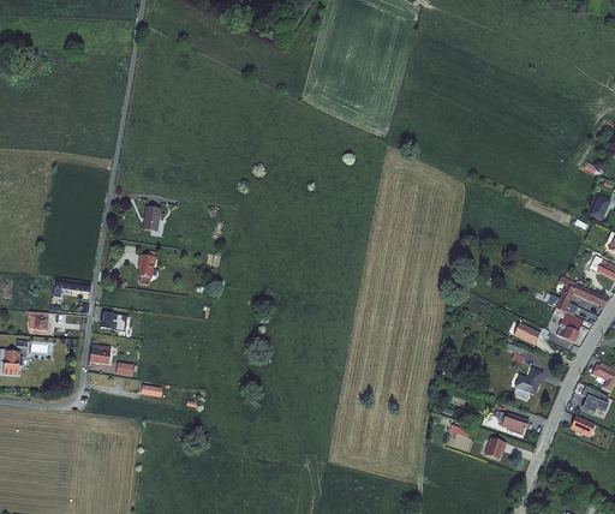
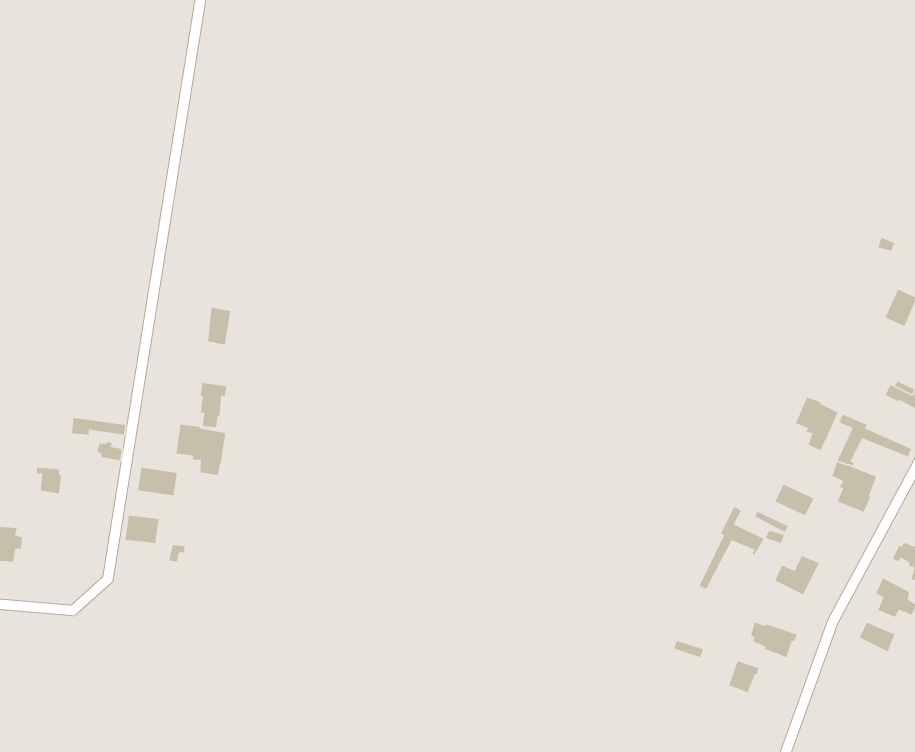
building: none -> [795,396,839,451]
building: none -> [176,424,226,476]
building: none -> [698,506,765,590]

